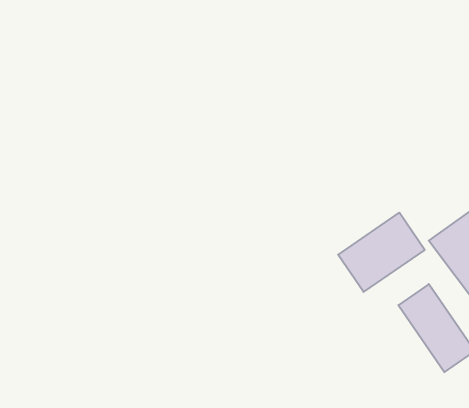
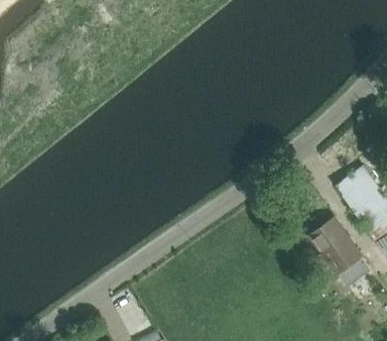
building: [338,213,425,292] -> none

